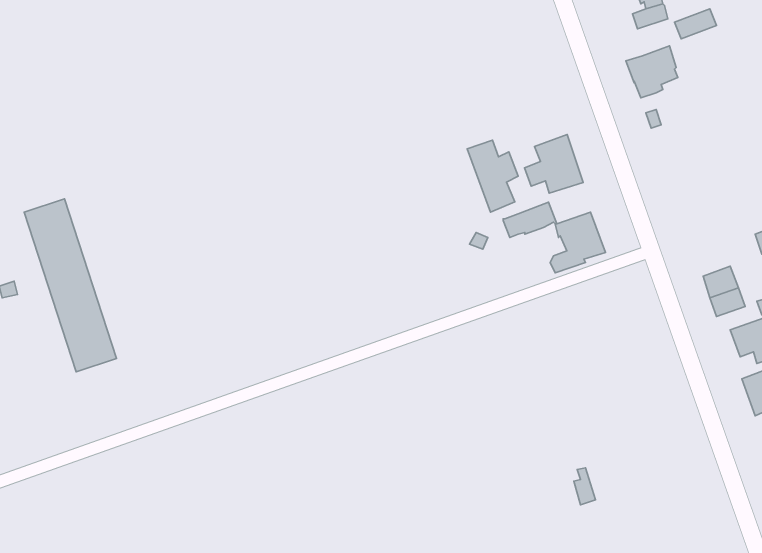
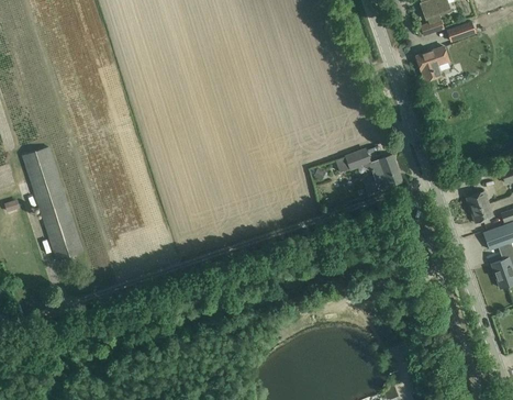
building: [525,135,583,193] -> none
building: [467,140,518,212] -> none

